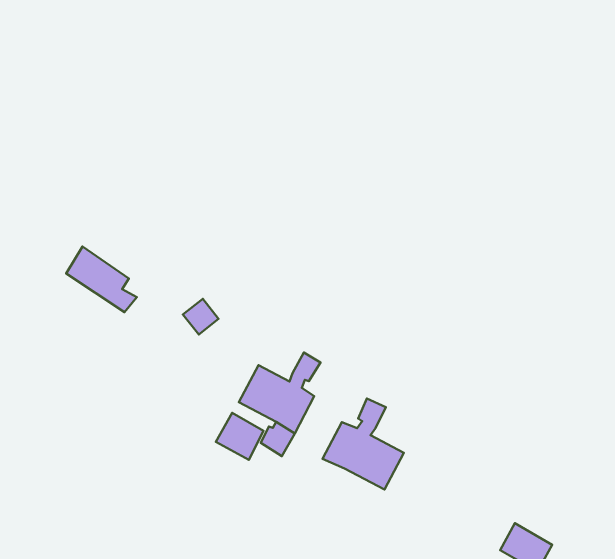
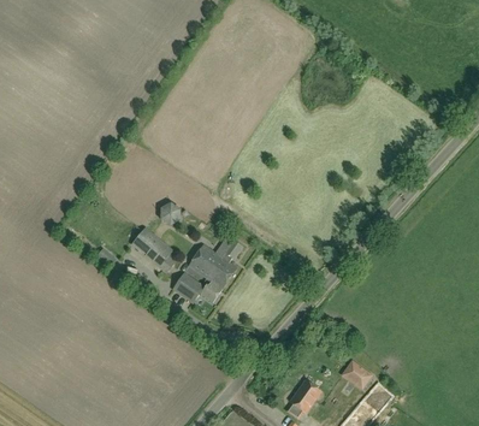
building: [66,246,137,312] -> [132,227,175,271]
building: [323,398,404,490] -> none

